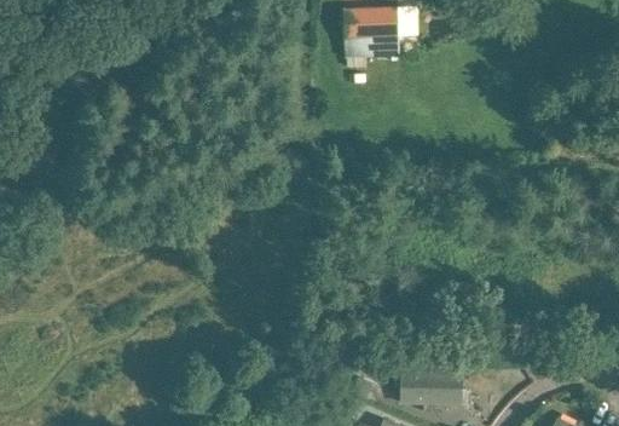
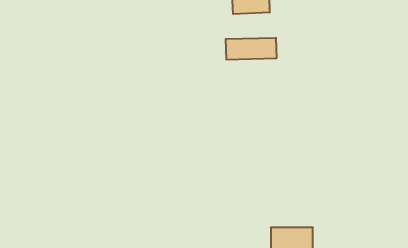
building: none -> [226,38,276,60]

